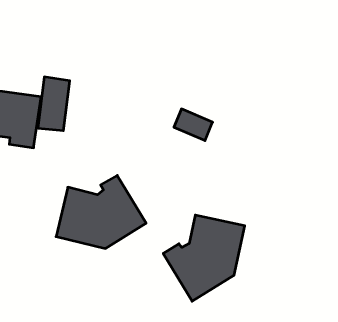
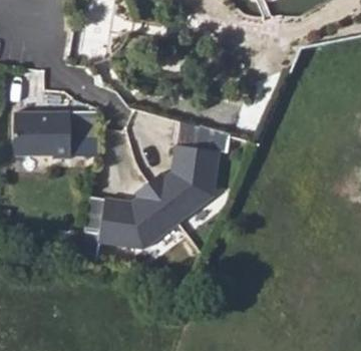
building: [163,215,245,301] -> [146,145,217,223]

